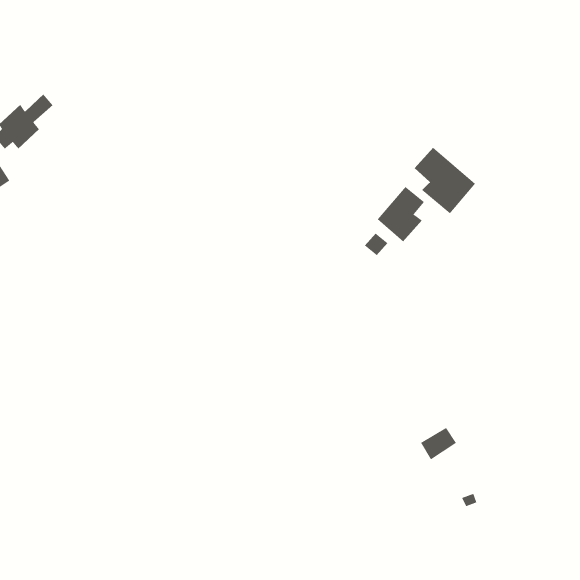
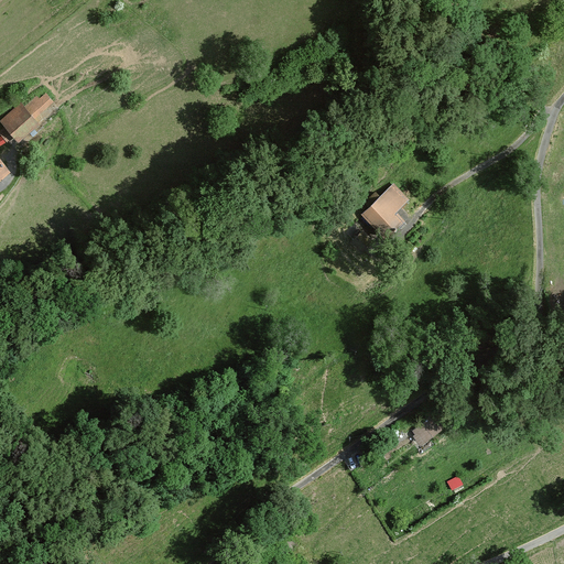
building: [414,147,476,214] -> none

